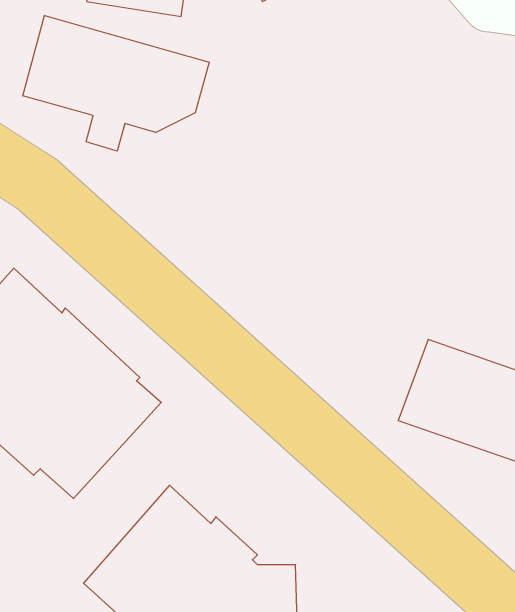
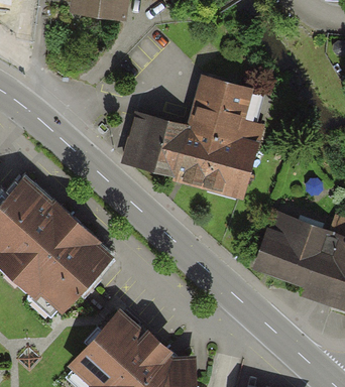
building: [23,15,209,151] -> none
building: none -> [123,84,259,196]

